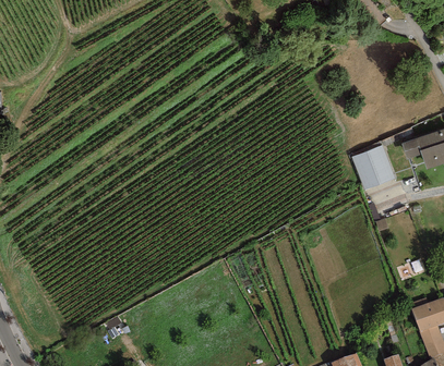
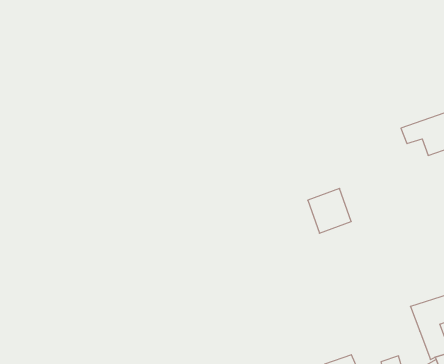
building: [351,146,392,187] -> [308,188,351,233]

